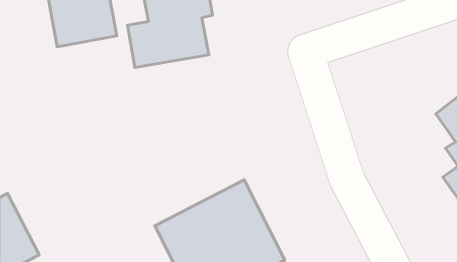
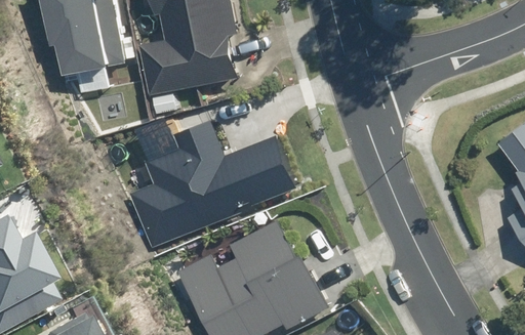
building: none -> [130,117,299,244]

